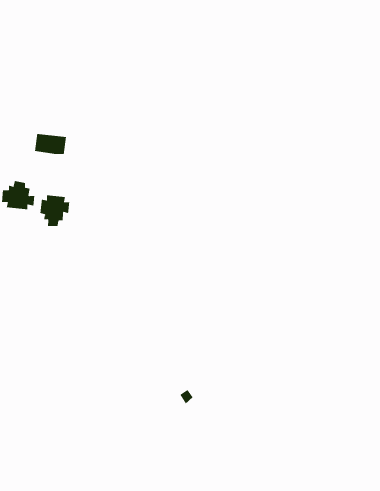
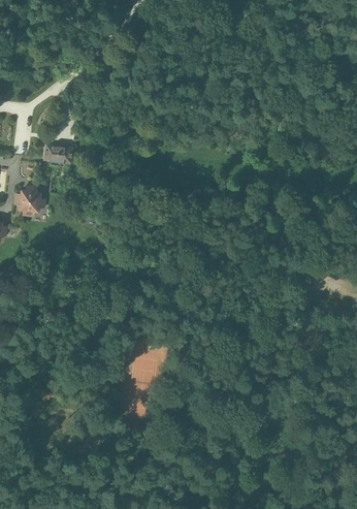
building: [40,194,70,227] -> none

